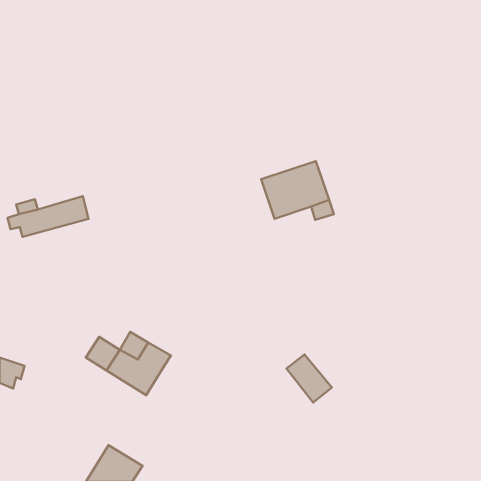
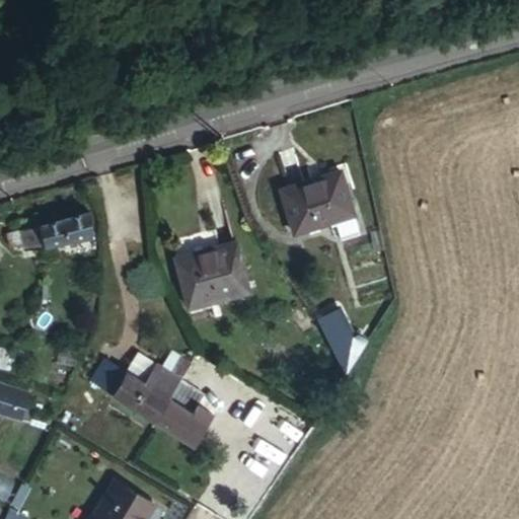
building: none -> [187,242,256,306]
building: [287,355,332,403] -> [312,308,361,360]
building: none -> [157,402,215,449]

